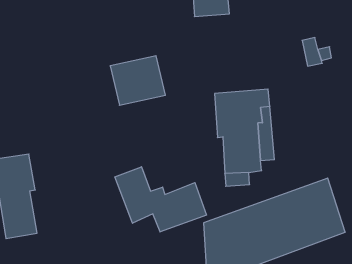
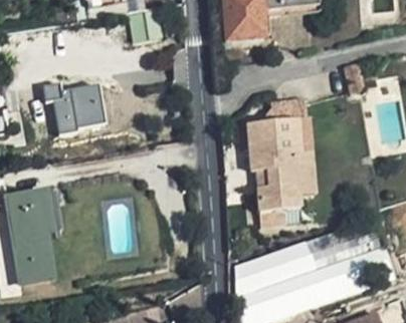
building: [110,56,165,105] -> [47,76,108,130]
building: [115,167,207,232] -> none

